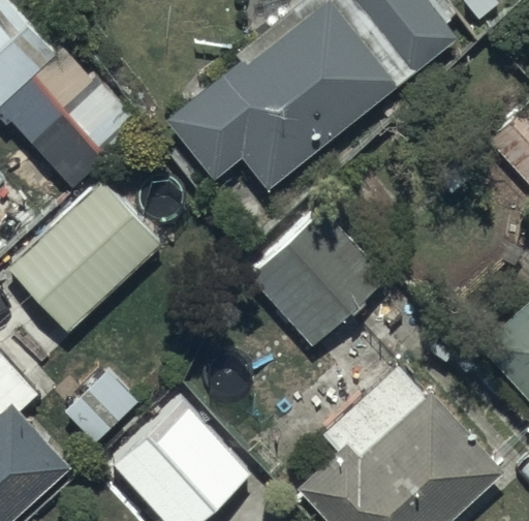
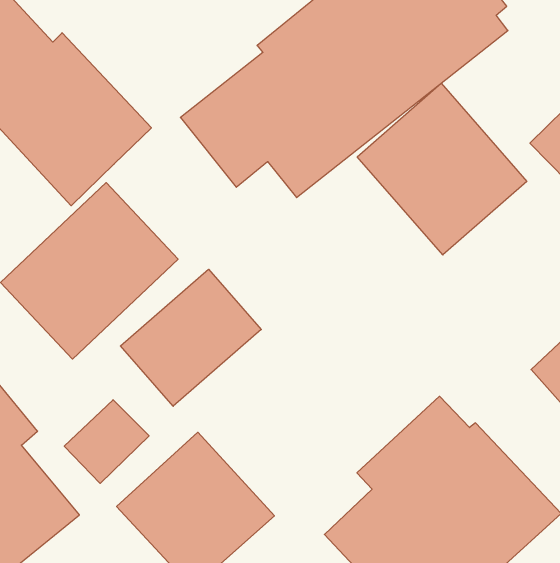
building: none -> [357,83,527,255]
building: [249,207,442,366] -> none
building: none -> [120,269,261,406]

